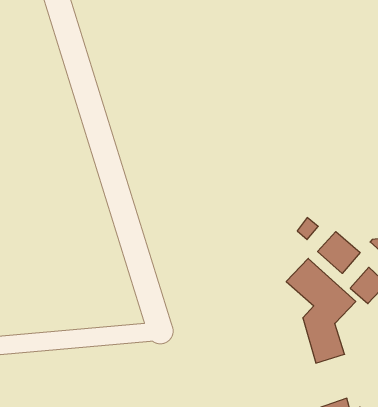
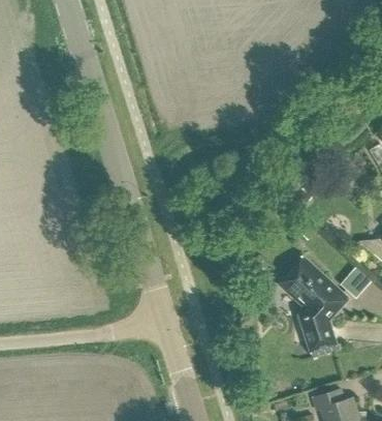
building: [318,232,360,273] -> none

